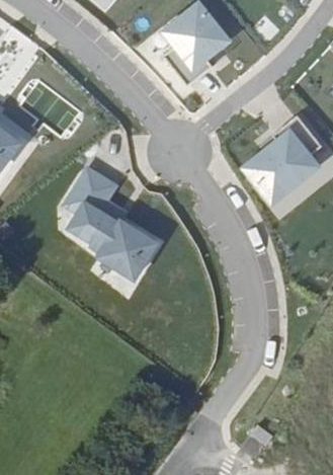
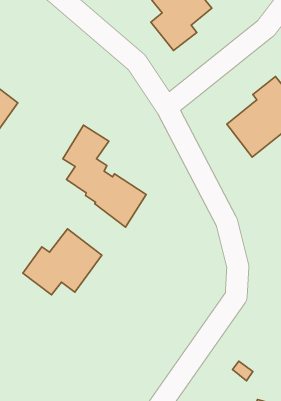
building: none -> [23,229,102,295]

